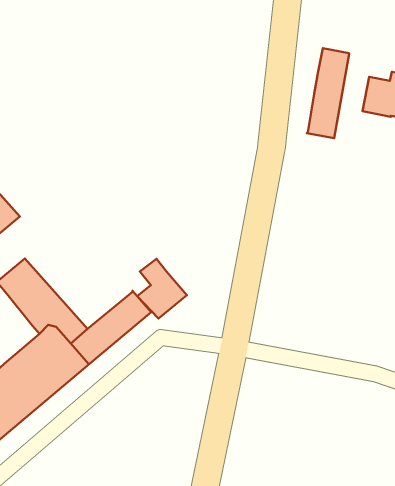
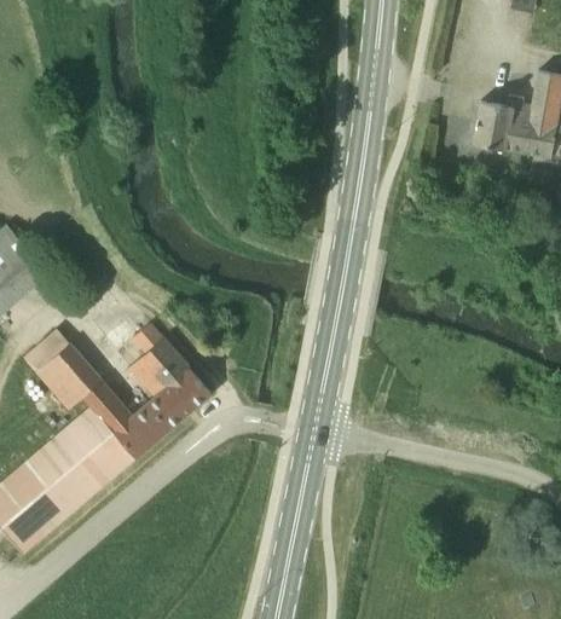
building: [307,48,349,138] -> none
building: [137,259,187,319] -> [126,322,187,395]

